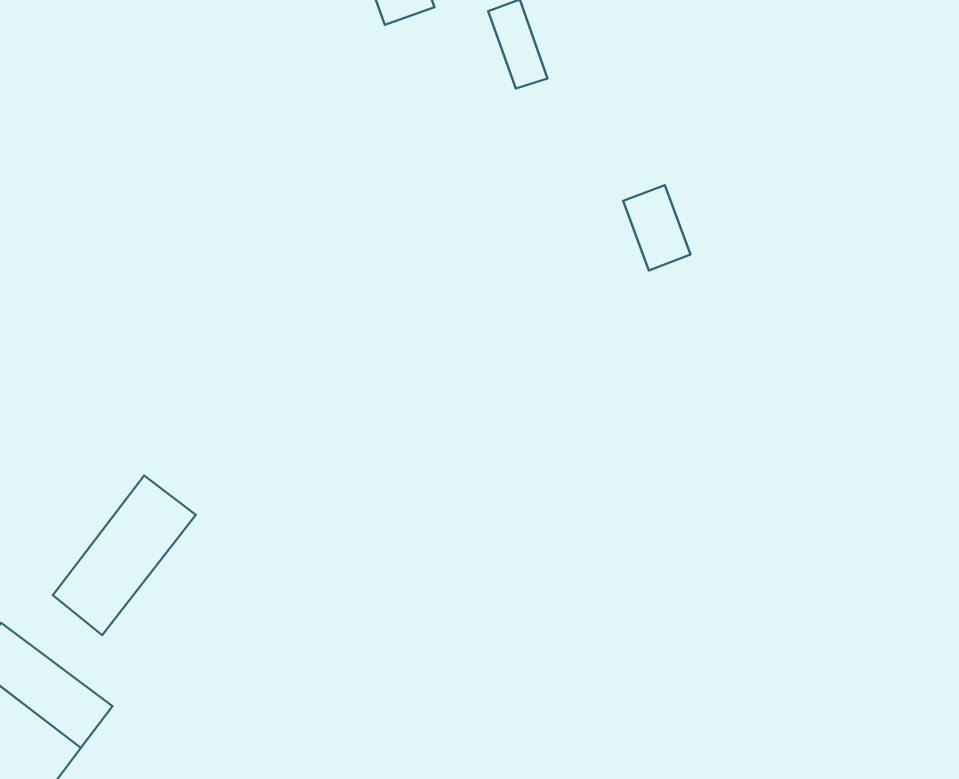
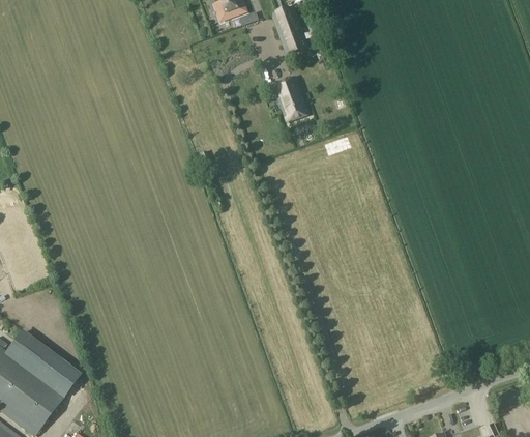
building: [623,185,691,271] -> [273,77,308,121]
building: [53,475,196,635] -> none

